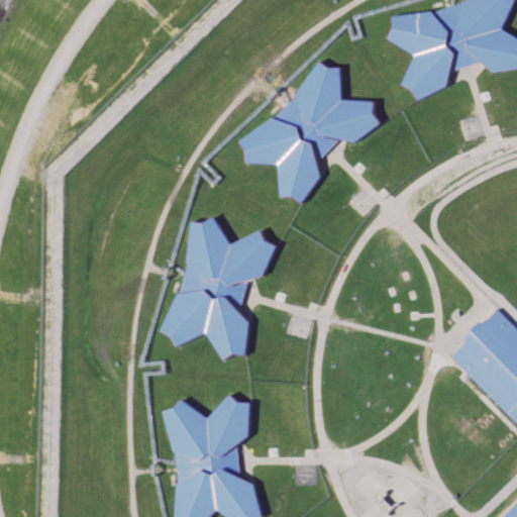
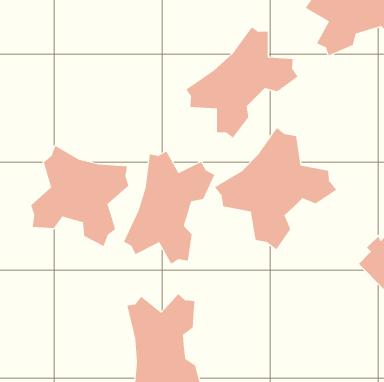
building: none -> [214,127,337,250]
building: none -> [31,145,129,247]

